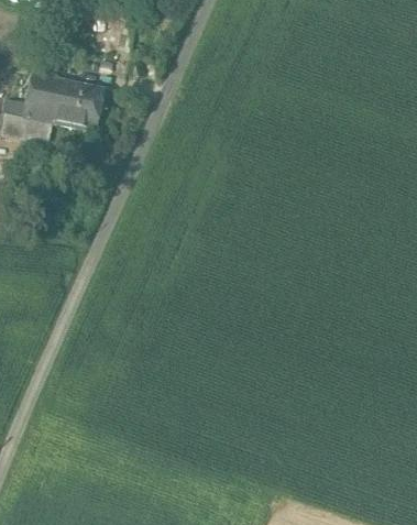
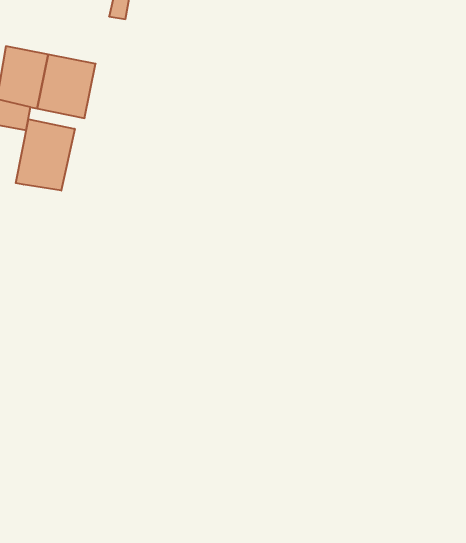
building: none -> [16,119,75,191]

